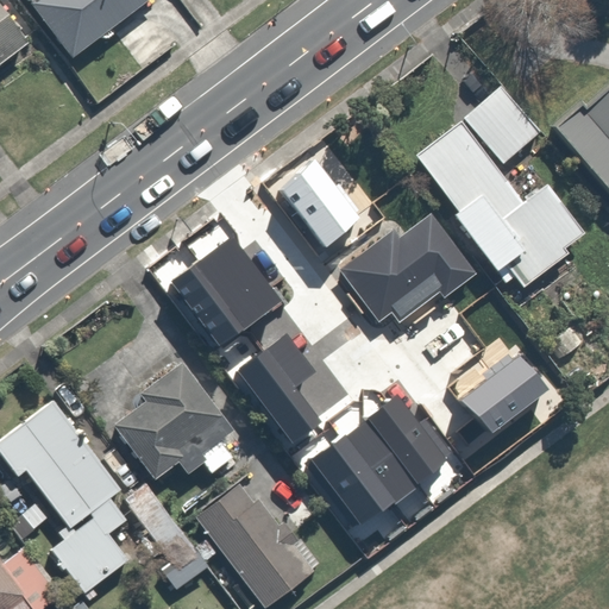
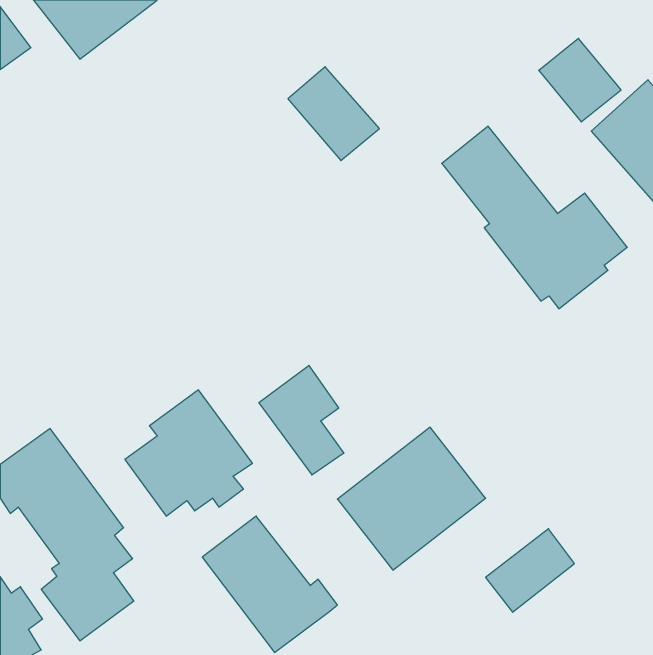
building: [460,86,536,163] -> [539,38,621,122]
building: [281,163,365,250] -> [288,67,379,161]
building: [332,213,472,320] -> none
building: [180,239,289,353] -> none
building: [465,357,547,434] -> [486,529,574,612]

